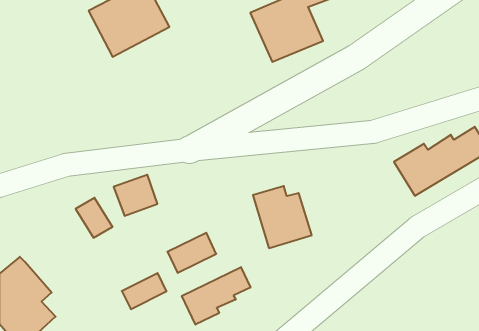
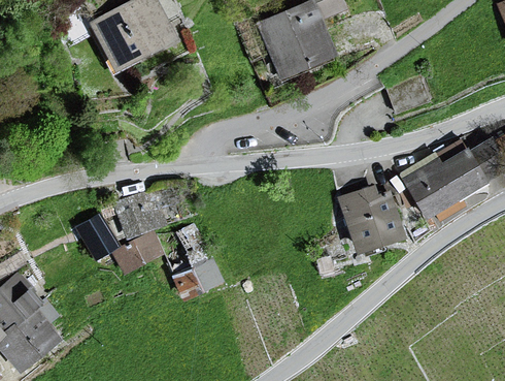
building: [253,186,312,248] -> [341,187,402,251]
building: [182,267,250,325] -> none
building: [122,273,167,309] -> [116,233,163,271]

